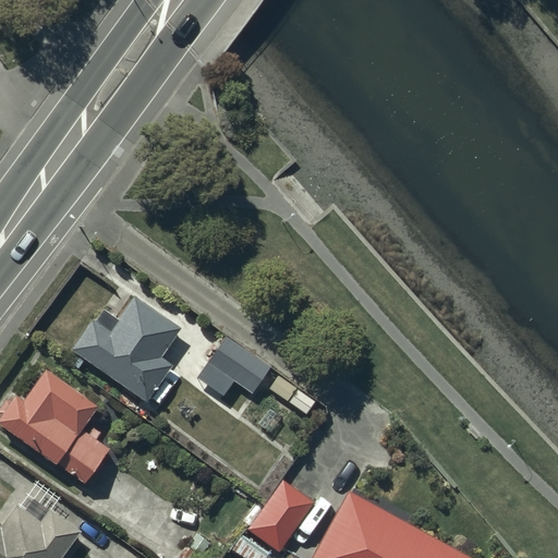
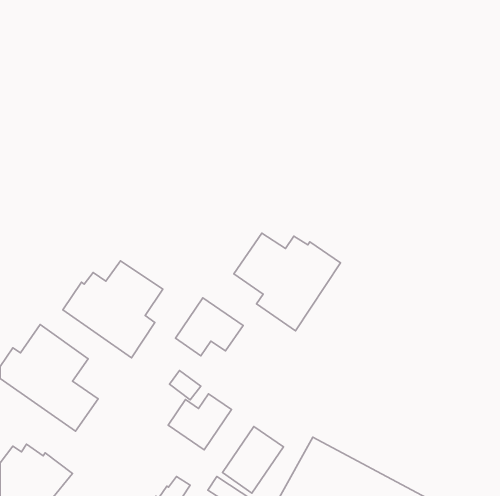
building: none -> [234,233,340,331]
building: none -> [168,394,232,450]

